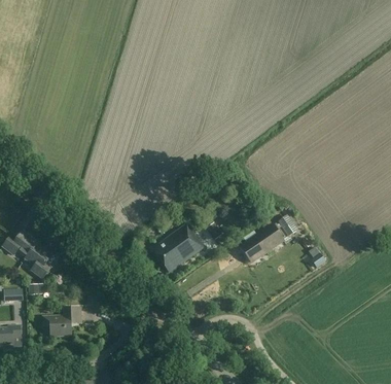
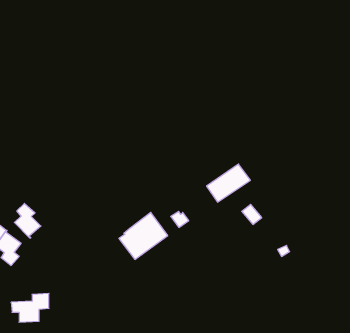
building: none -> [14,203,41,238]
building: [239,223,284,263] -> [207,164,250,202]

